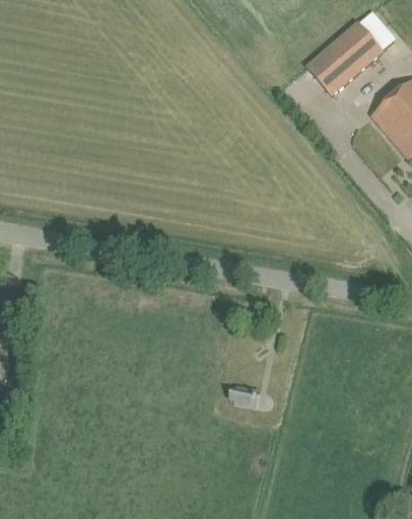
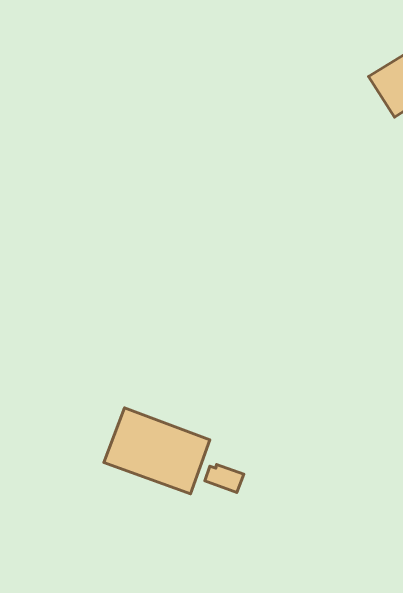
building: none -> [104,408,210,494]

